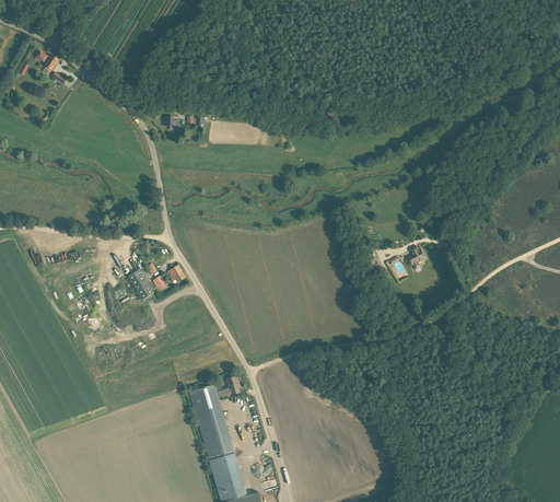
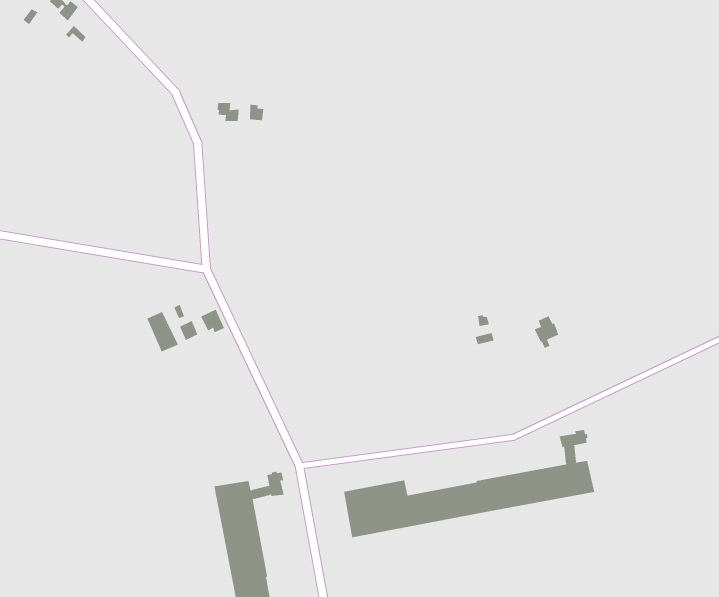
building: none -> [343,429,595,538]

